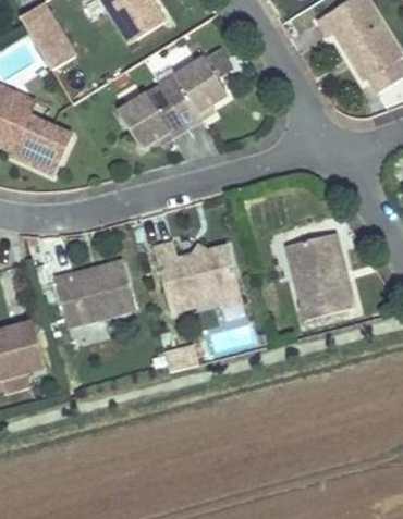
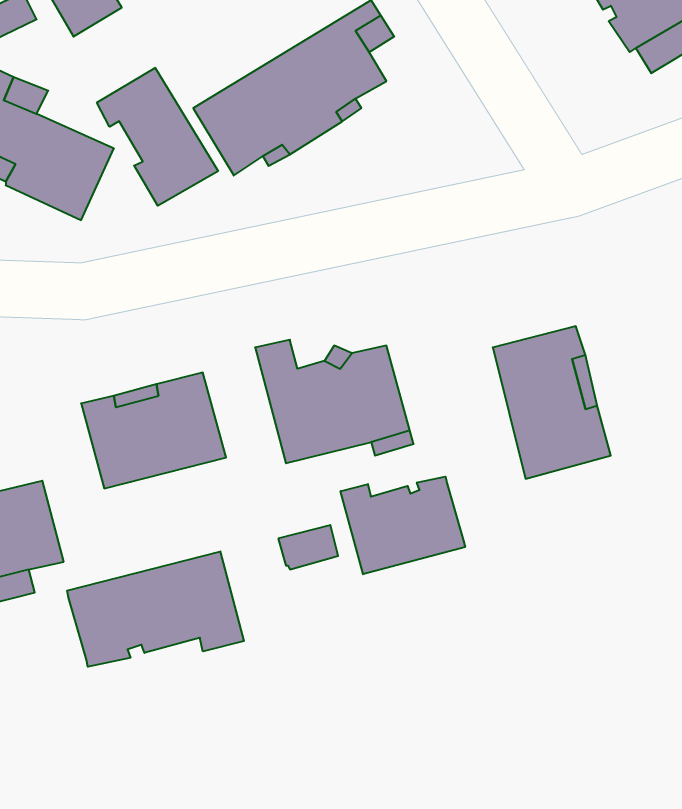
building: none -> [97,68,218,206]
building: none -> [341,477,465,574]
building: none -> [67,551,244,667]

